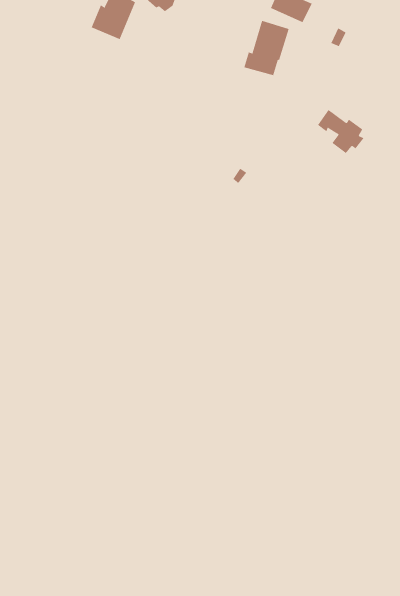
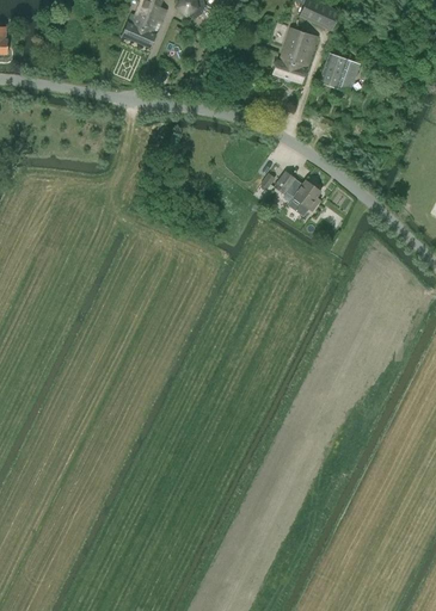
building: none -> [318,51,360,92]
building: [317,109,364,154] -> [274,171,320,215]

